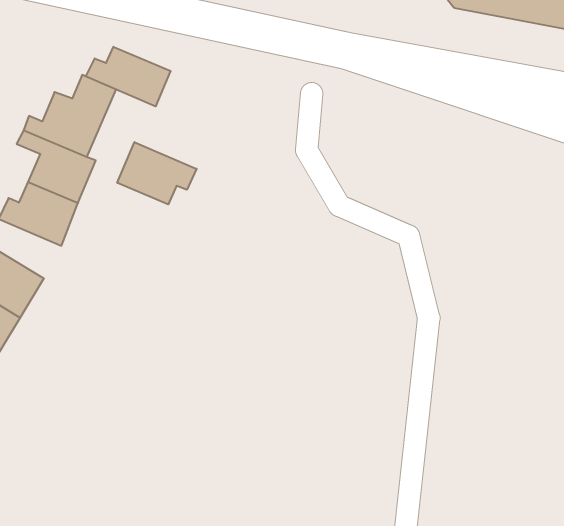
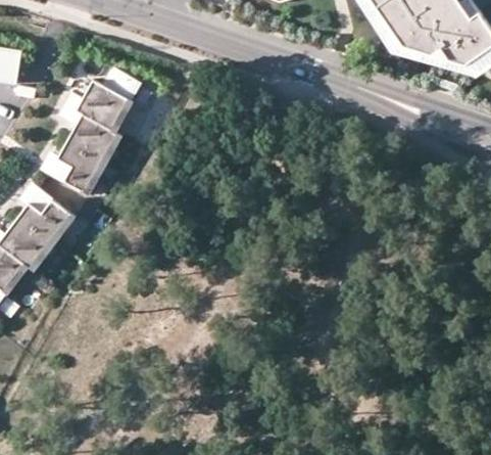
building: [86,47,171,106] -> none
building: [117,142,197,204] -> none

